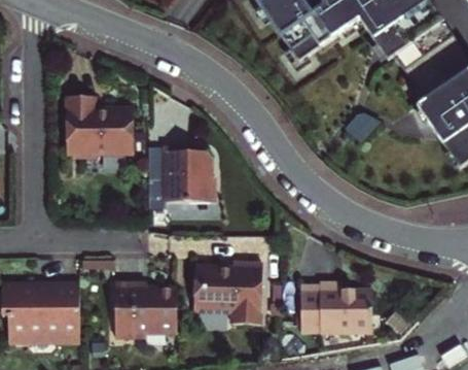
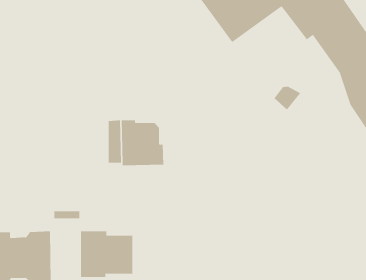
building: [64,97,132,159] -> none
building: [195,263,263,324] -> none
building: [302,280,374,331] -> none

